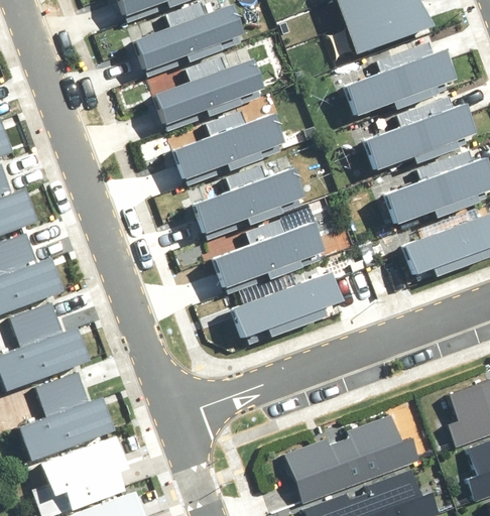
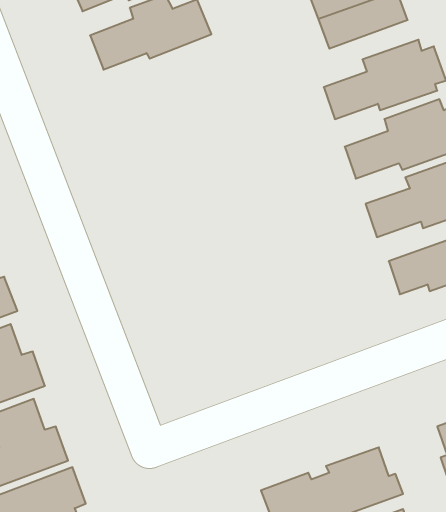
building: [150,56,261,126] -> none
building: [174,111,285,180] -> none
building: [193,164,303,234] -> none
building: [213,222,324,291] -> none
building: [231,275,339,339] -> none

